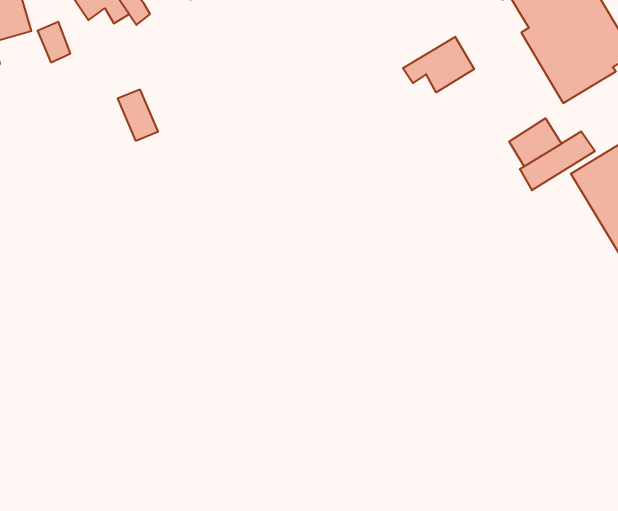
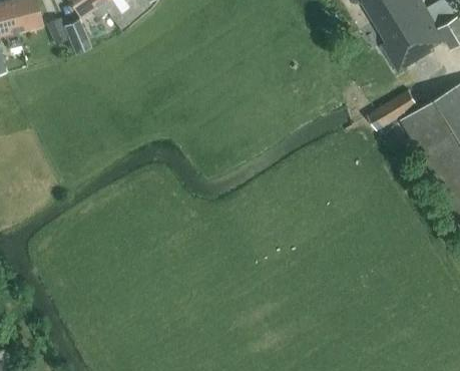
building: [403,37,474,92] -> none
building: [118,90,158,141] -> [63,20,90,54]
building: [509,118,561,166] -> none

